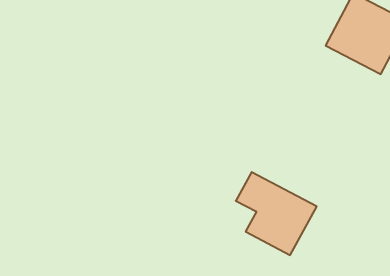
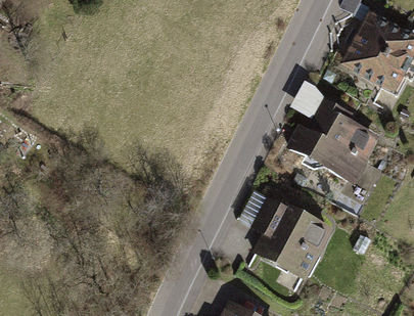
building: none -> [288,95,377,182]

